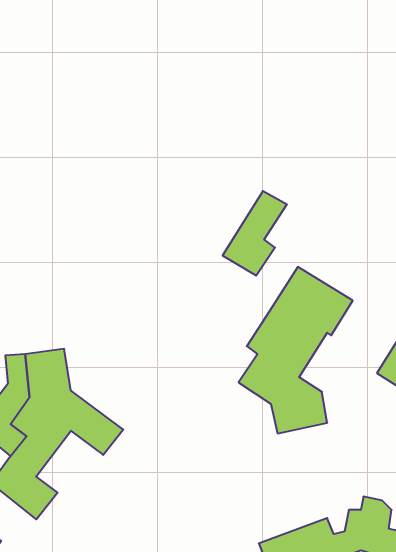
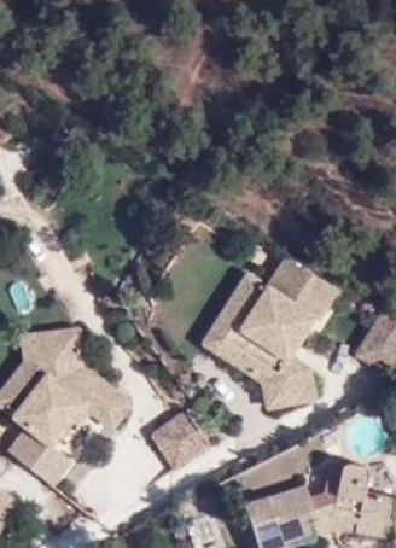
building: [223,191,287,276] -> [202,285,260,361]
building: none -> [151,413,205,467]

